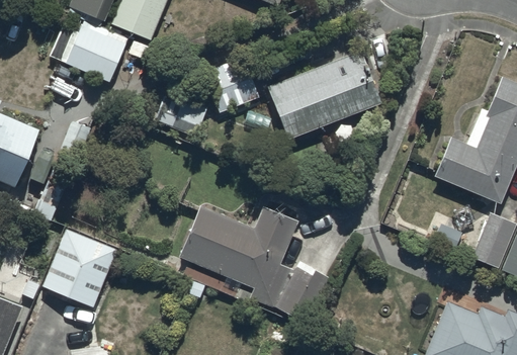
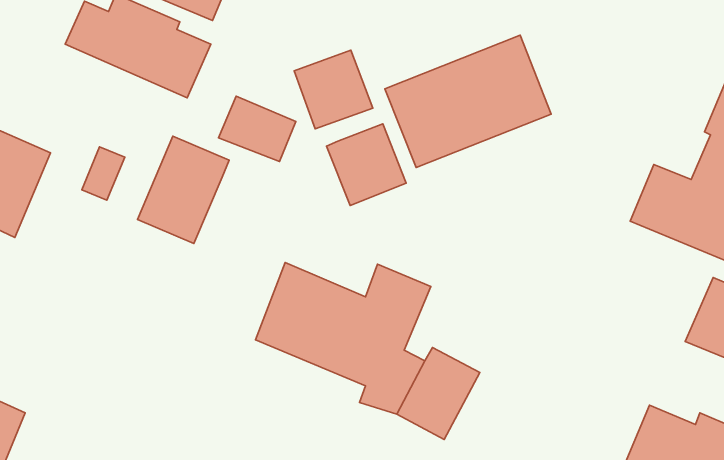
building: none -> [327,124,406,205]
building: none -> [137,136,229,243]
building: [42,230,116,307] -> none

